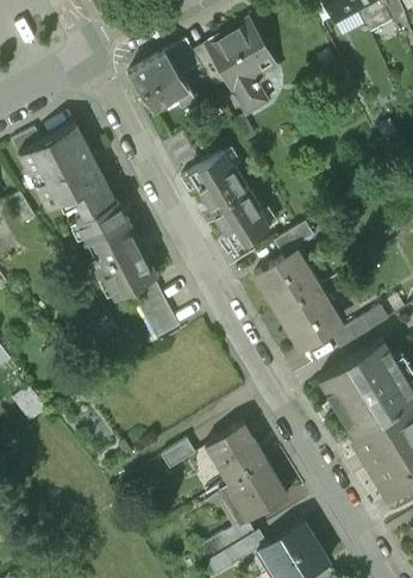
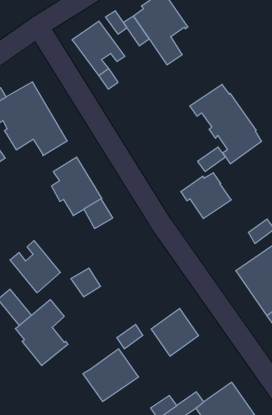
building: [181,153,269,254] -> [190,84,262,164]
building: [76,200,127,243] -> none
building: [281,290,339,352] -> none
building: [143,303,180,338] -> [71,268,101,297]
building: none -> [10,241,60,293]
building: none -> [15,300,68,366]
building: [218,459,288,524] -> [83,349,139,402]

